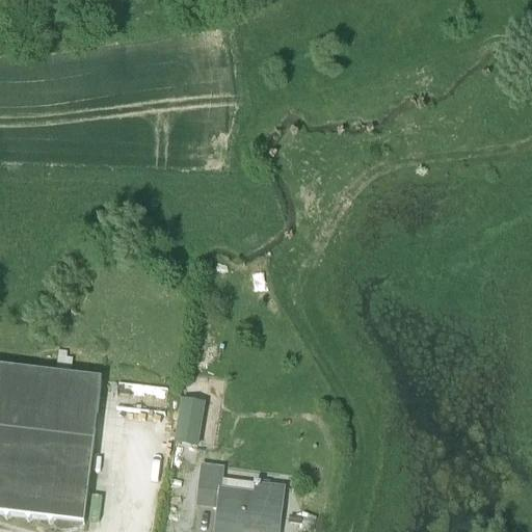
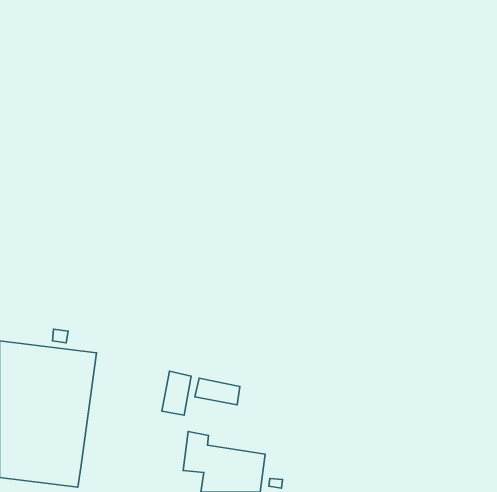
building: none -> [195,378,240,405]

